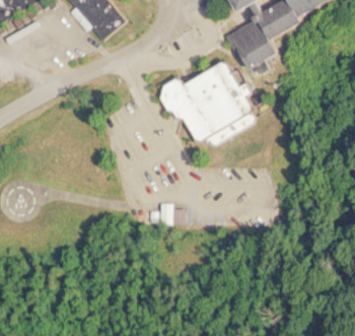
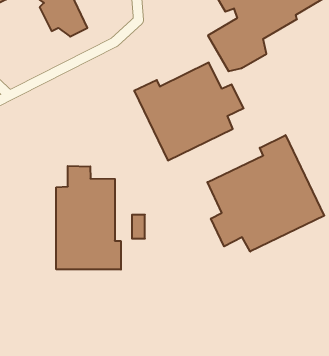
building: none -> [207,135,324,252]
building: none -> [56,166,121,270]

